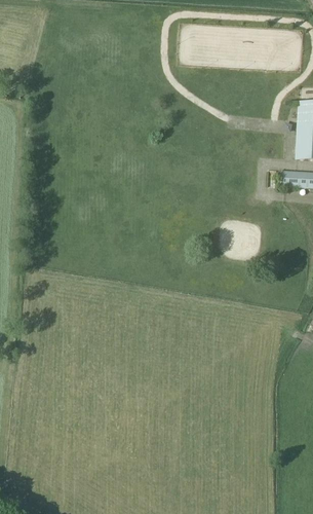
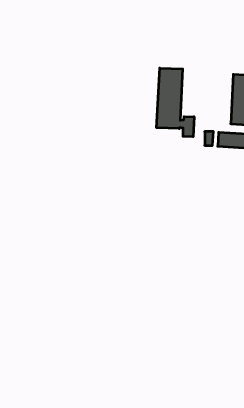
building: none -> [157,68,194,137]

